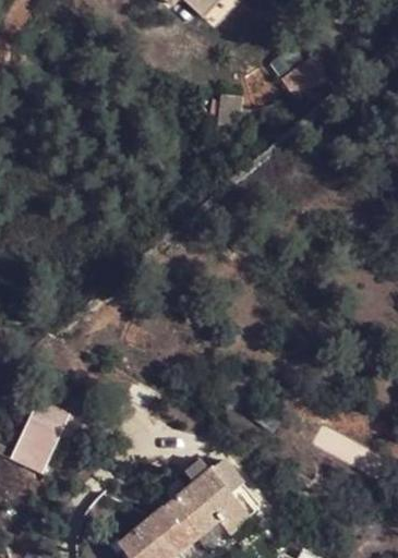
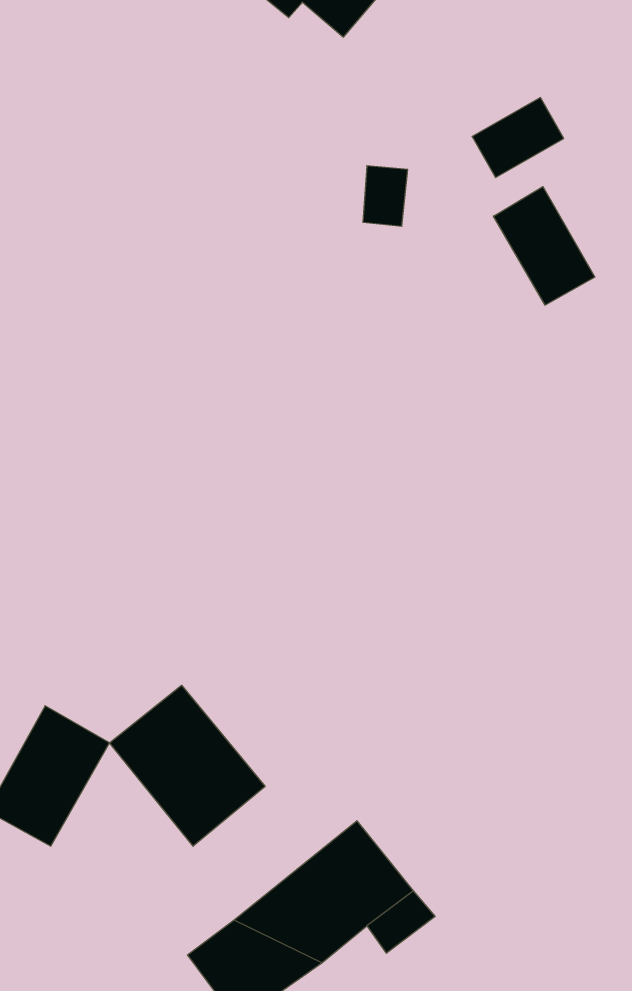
building: none -> [493,187,595,305]
building: none -> [109,685,265,846]

